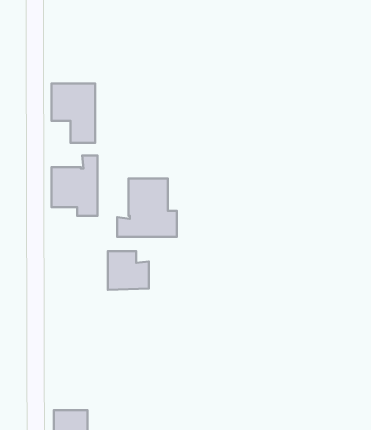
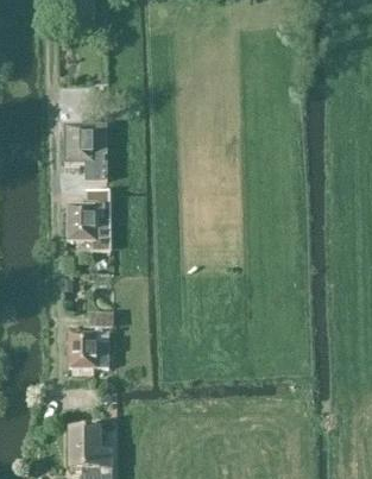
building: [117,178,177,237] -> none
building: [108,251,149,290] -> [69,332,107,367]

